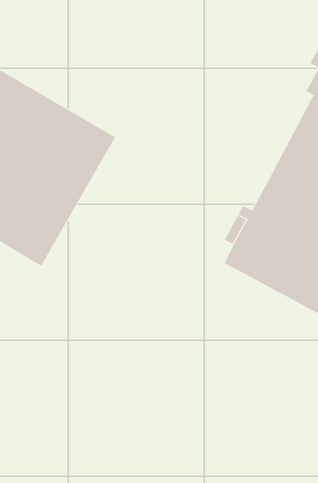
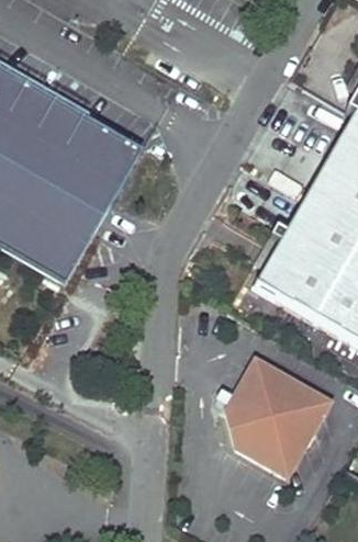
building: none -> [232,362,332,474]

